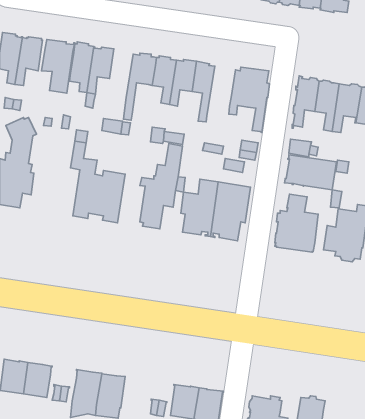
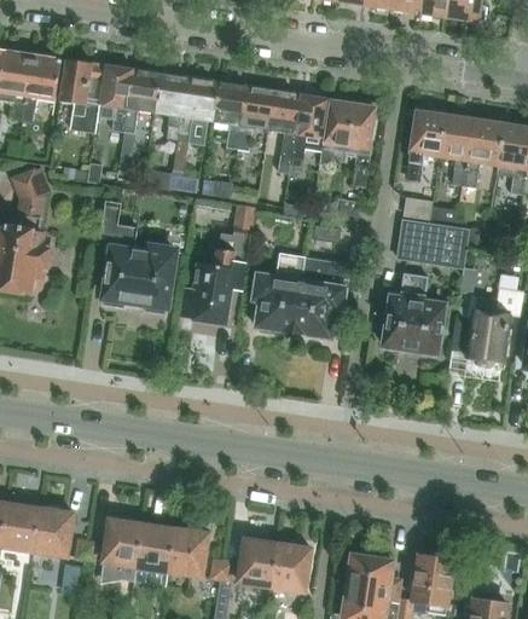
building: none -> [153,71,186,139]
building: none -> [289,93,329,166]
building: none -> [169,527,209,575]

